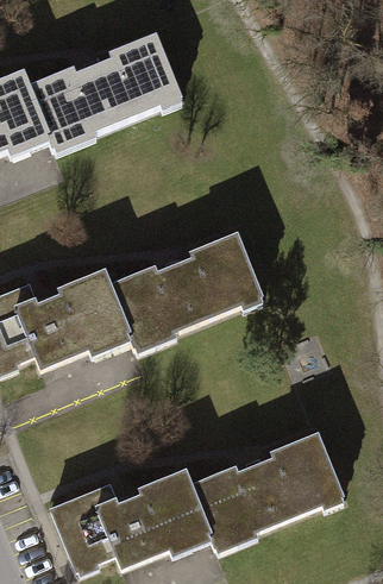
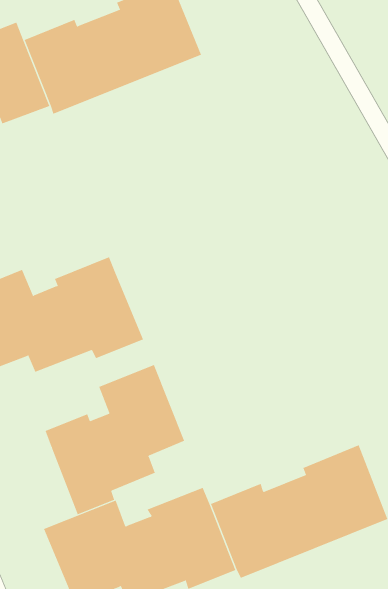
building: [108,236,263,351] -> none
building: none -> [45,364,185,515]

